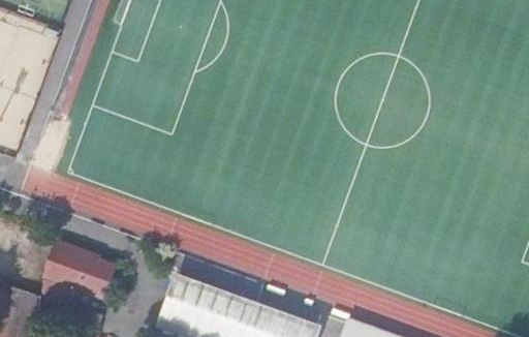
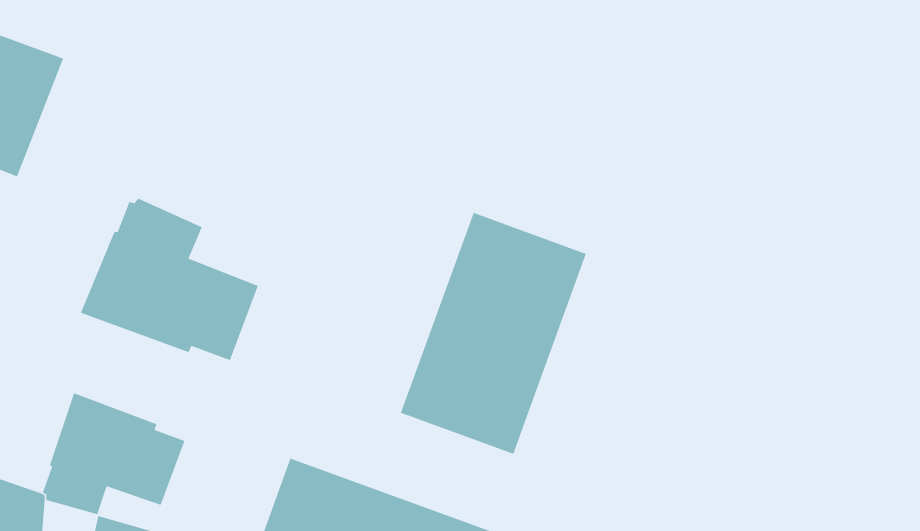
building: none -> [80,198,259,361]
building: none -> [400,212,587,455]

